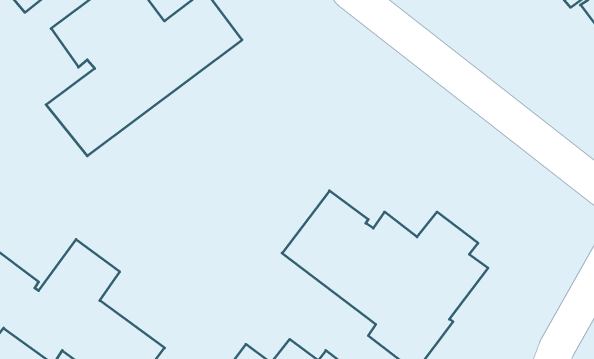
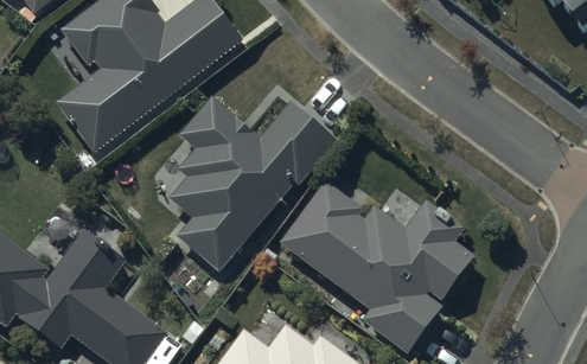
building: none -> [168,95,337,269]

